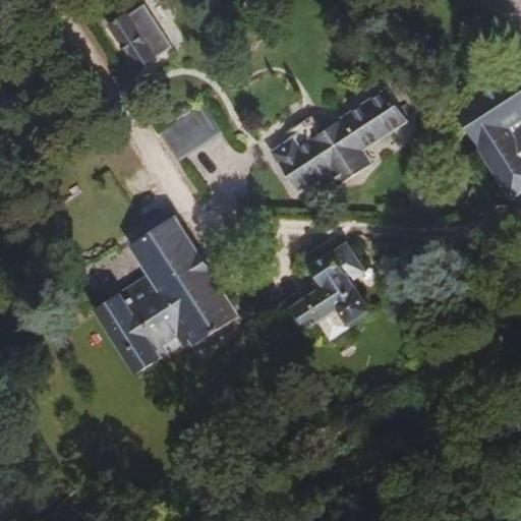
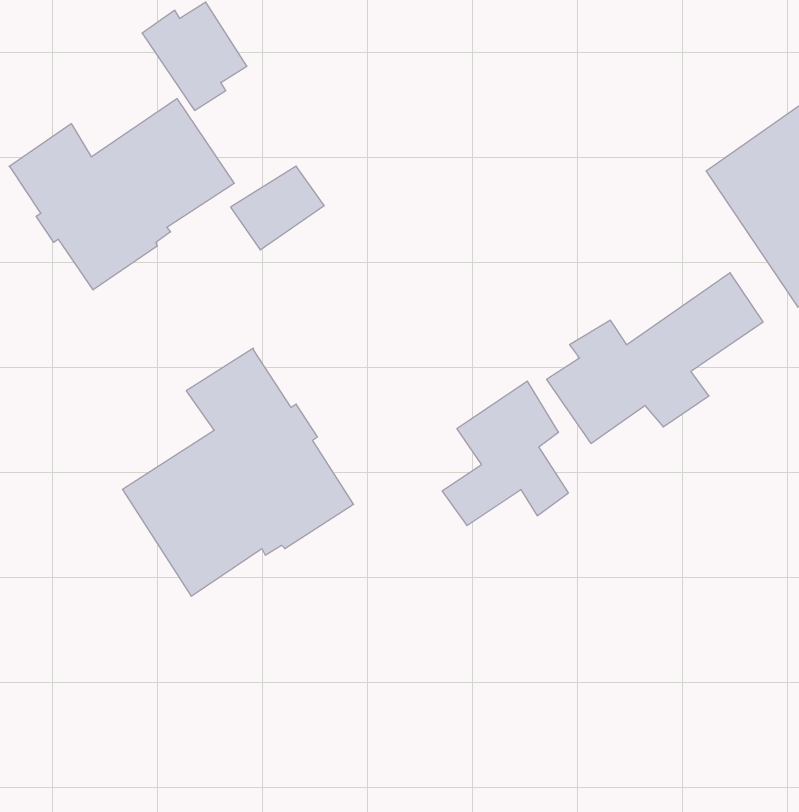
building: none -> [9,99,234,290]
building: [273,88,407,193] -> [547,273,763,443]

